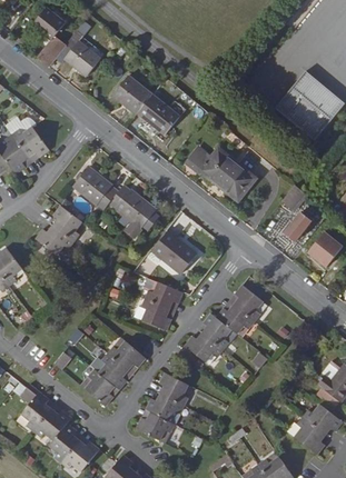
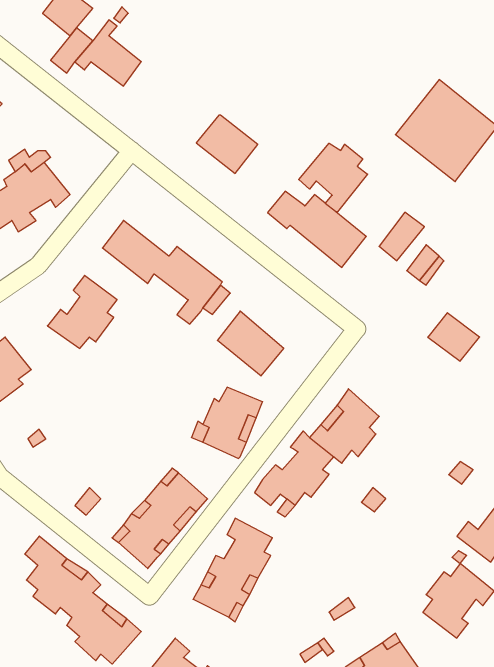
building: [113,74,154,113] -> none
building: none -> [299,143,368,212]
building: [281,211,313,245] -> [379,212,424,261]

